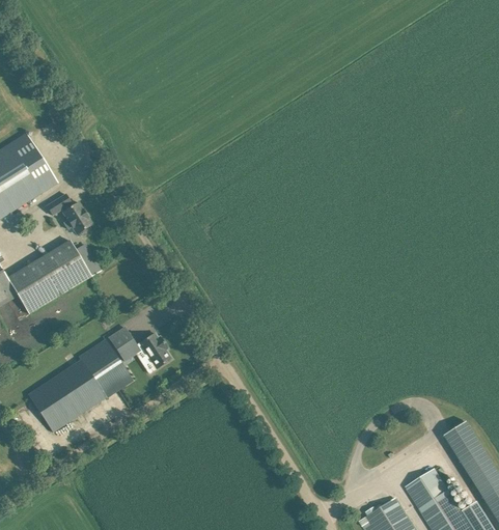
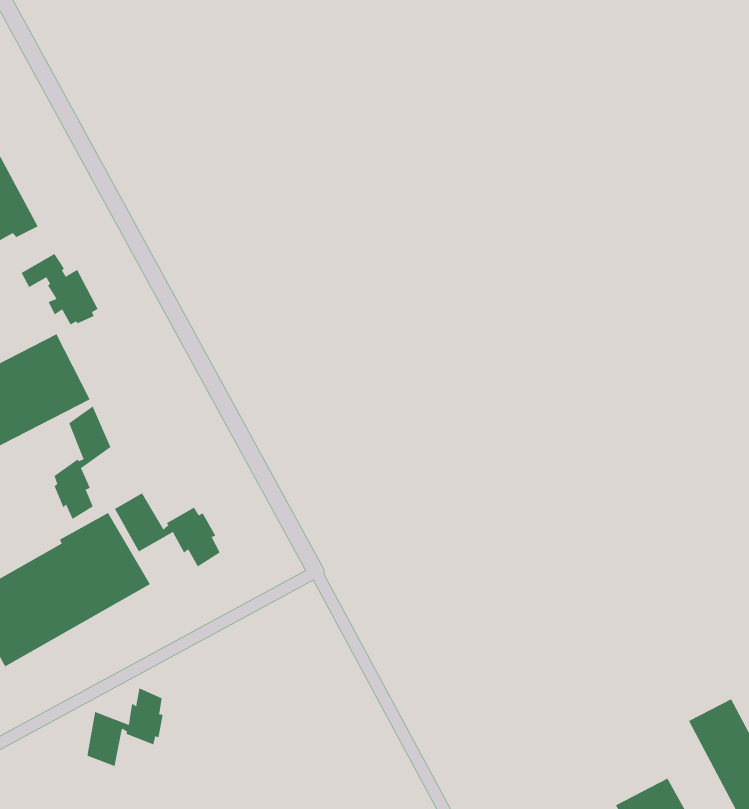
building: none -> [54,406,111,520]
building: none -> [87,688,163,767]

